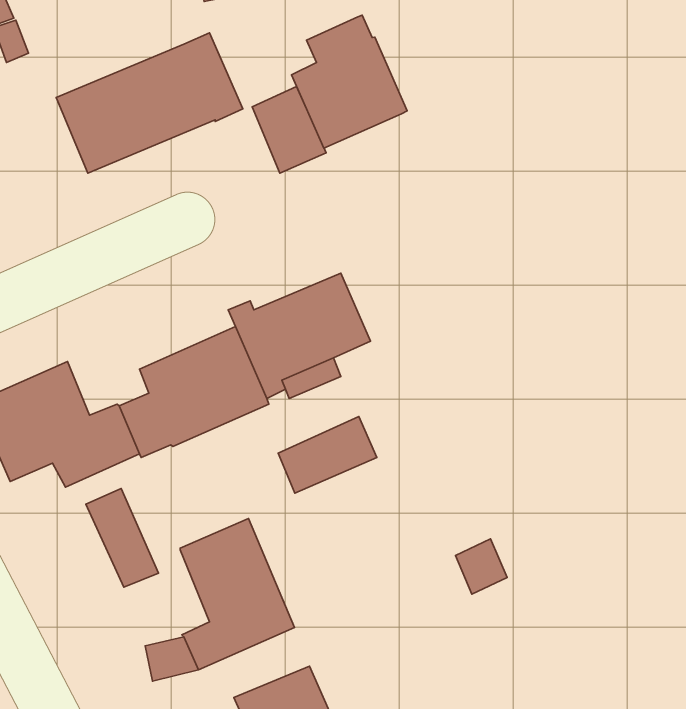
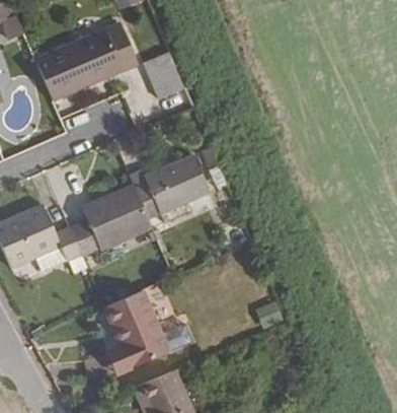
building: [292,15,407,148] -> none
building: [278,417,377,493] -> none
building: [86,489,158,587] -> none

